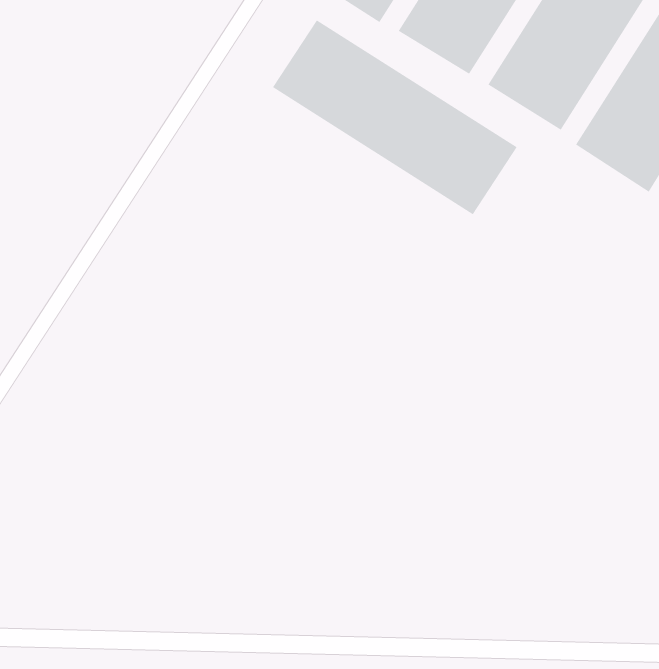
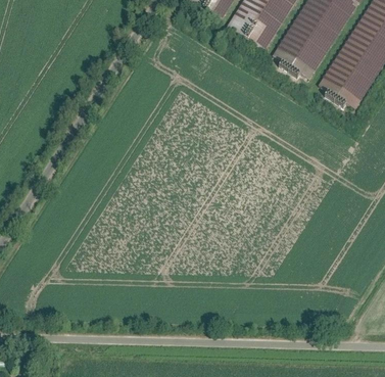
building: [272,19,518,215] -> none

